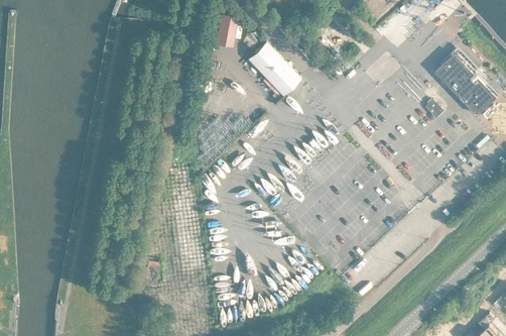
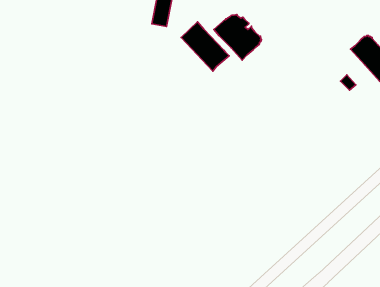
building: none -> [214,15,261,60]

